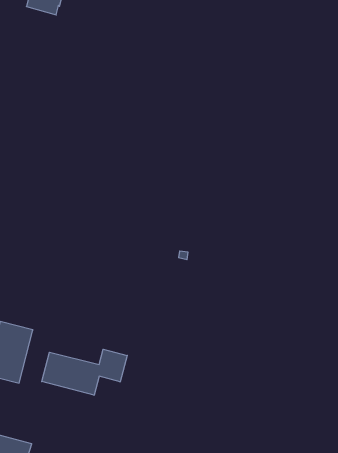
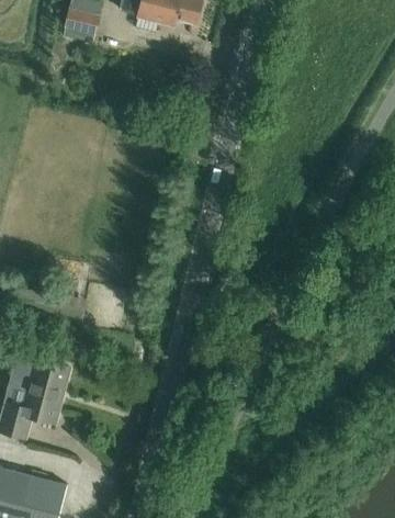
building: [42,349,127,395] -> none

